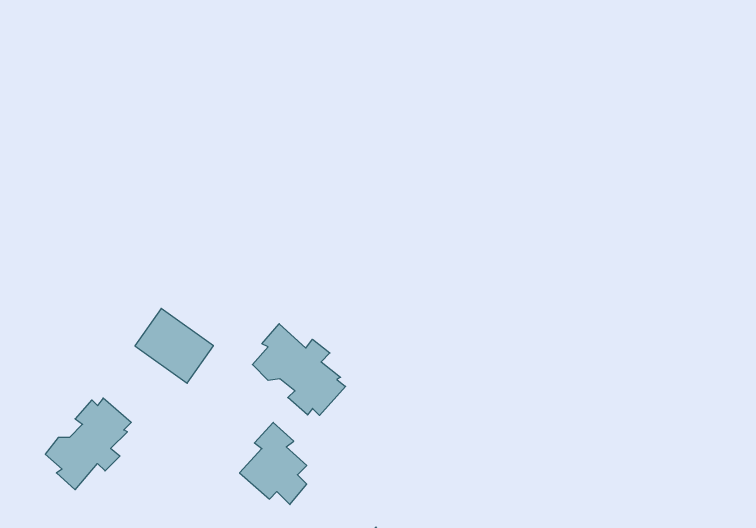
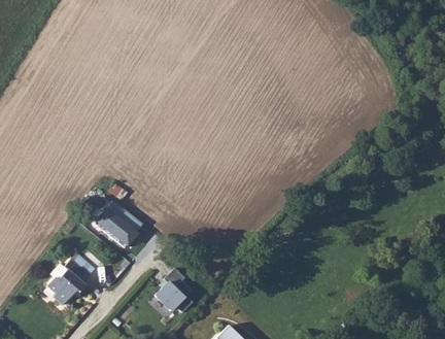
building: [252,324,346,415] -> none

